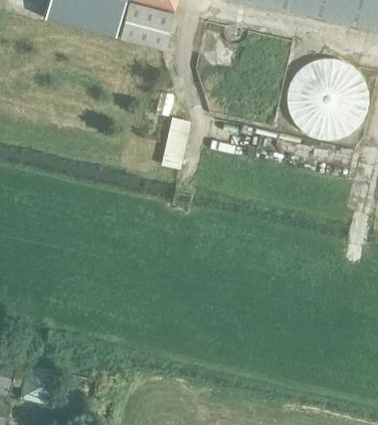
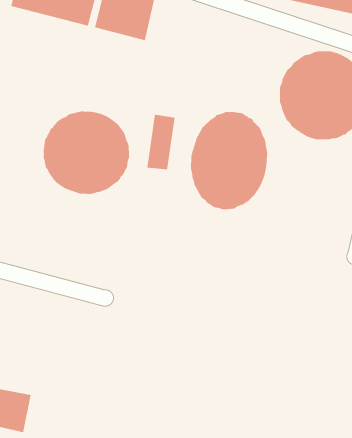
building: none -> [43,111,130,195]
building: none -> [190,111,268,210]

